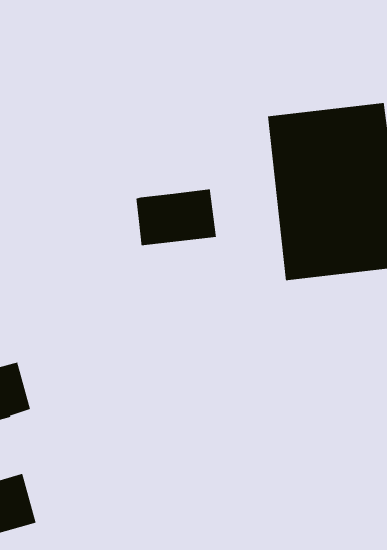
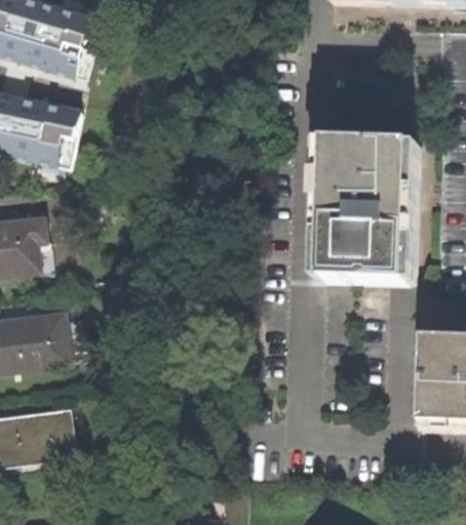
building: [136,188,217,246] -> none

